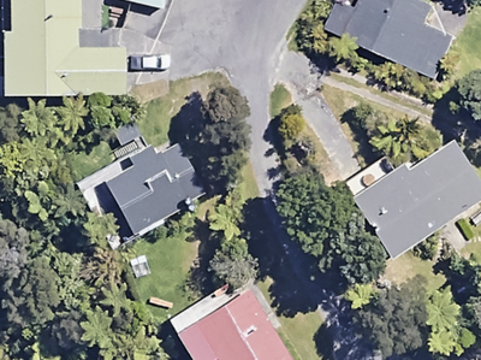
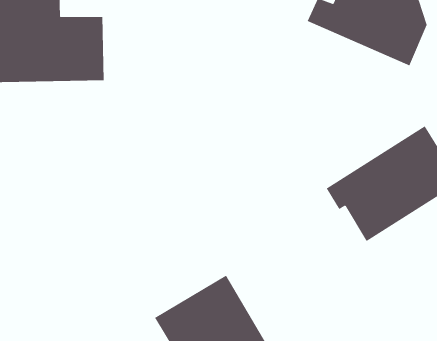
building: [88,136,207,240] -> none

